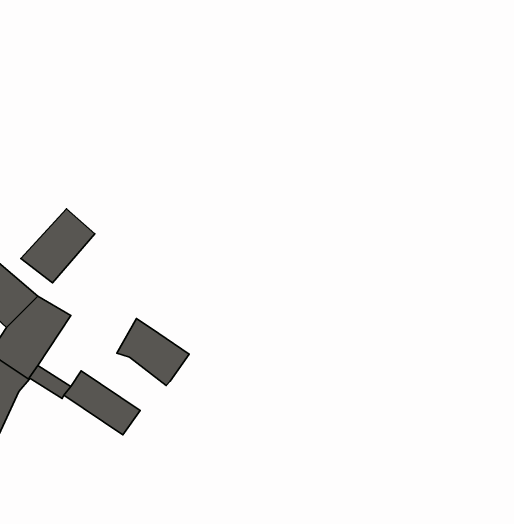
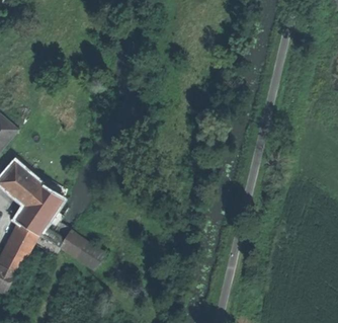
building: [21,209,95,283] -> none
building: [117,318,189,386] -> none

